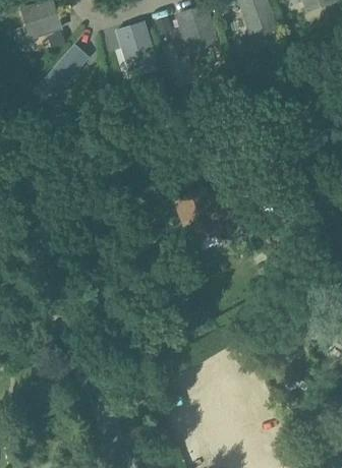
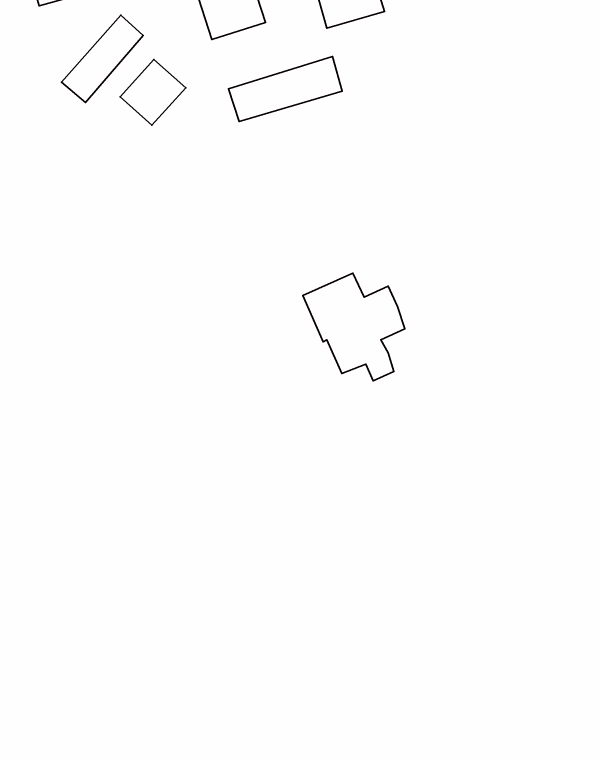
building: none -> [228,56,342,122]
building: none -> [120,59,186,125]

